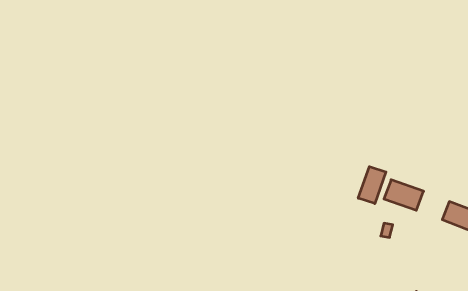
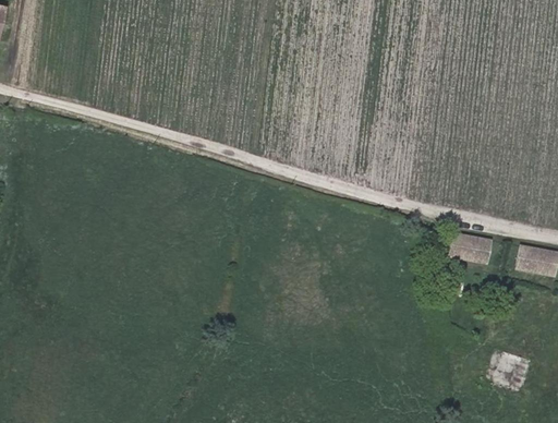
building: [358,167,386,204] -> none

